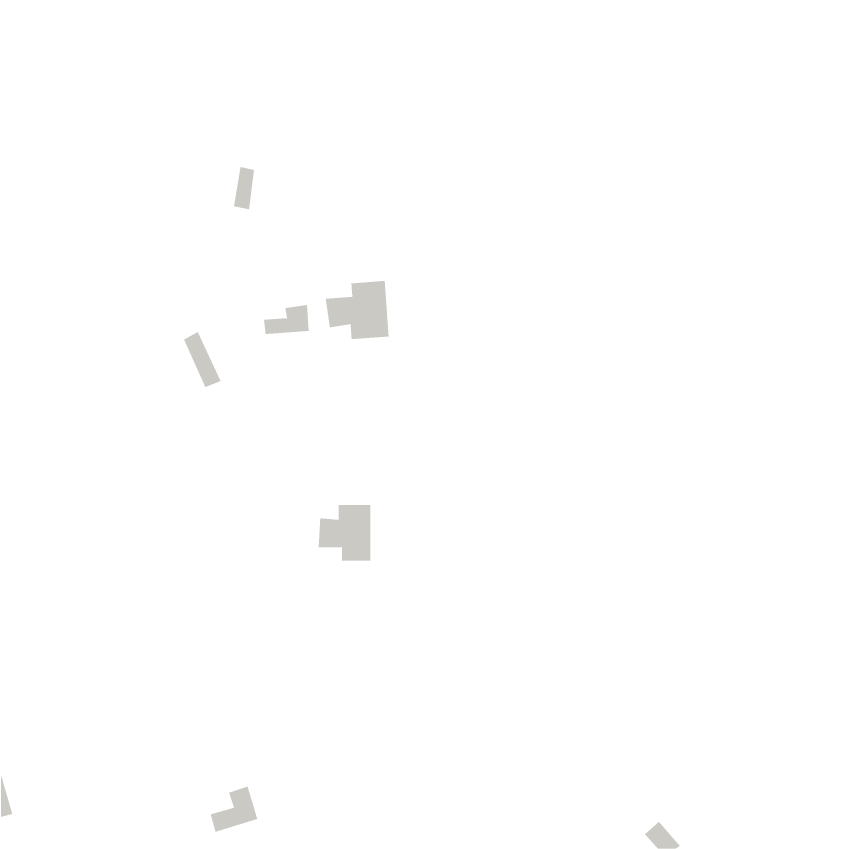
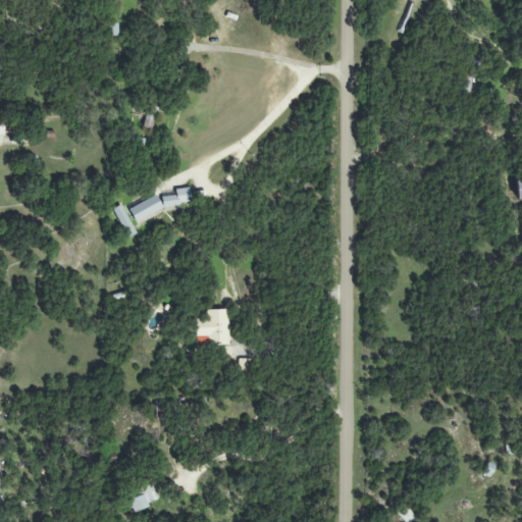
building: [325,280,389,340] -> none
building: none -> [129,194,163,221]

